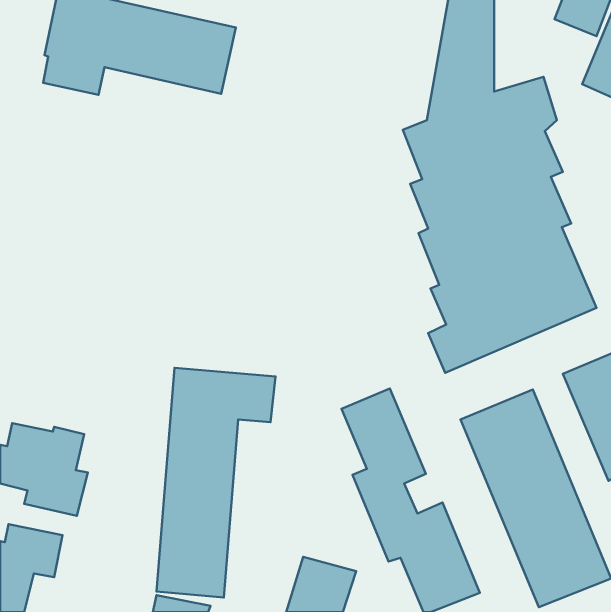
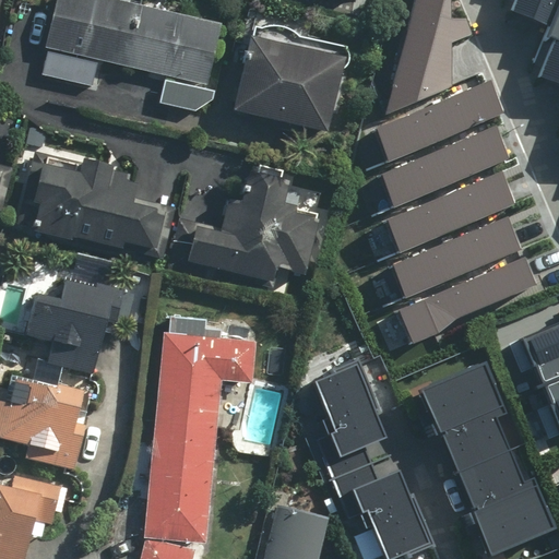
building: none -> [229,39,340,133]
building: none -> [16,152,176,262]
building: none -> [170,174,317,284]
building: none -> [23,282,122,372]

